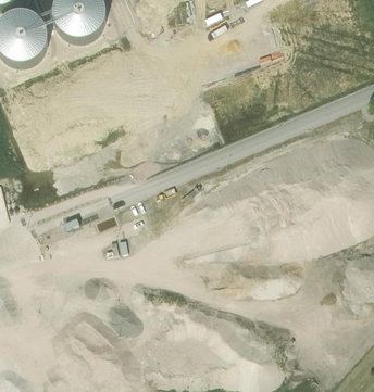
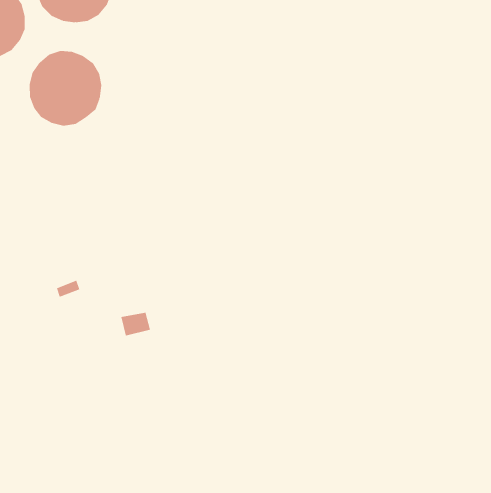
building: none -> [29,50,102,126]

